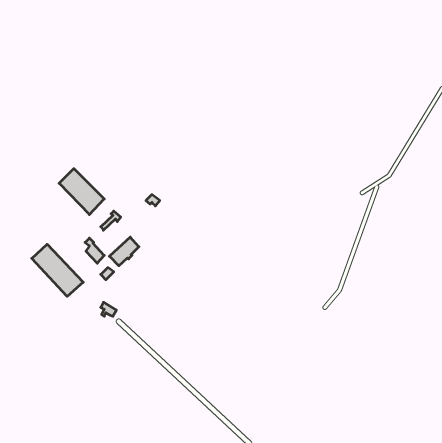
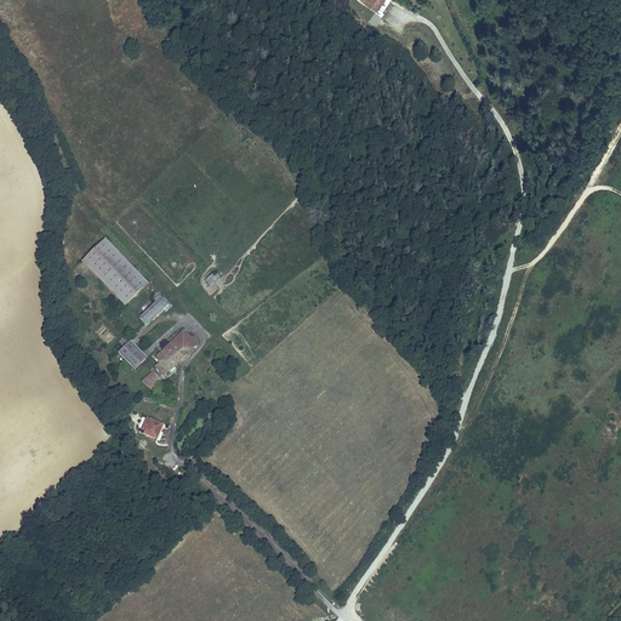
building: [32,244,83,296] -> none

